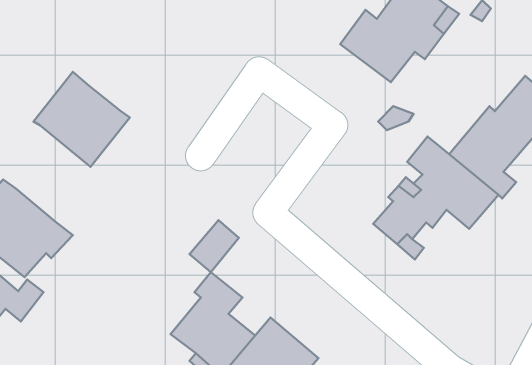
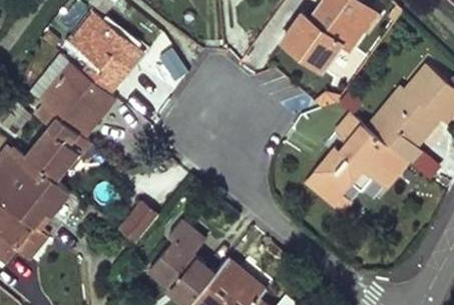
building: none -> [74,12,144,93]
building: none -> [26,104,92,181]
building: [189,220,239,272] -> [118,202,157,243]

